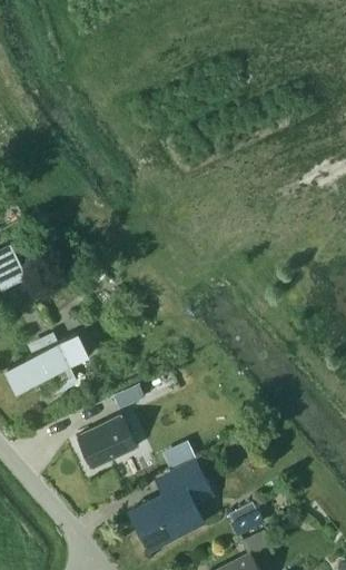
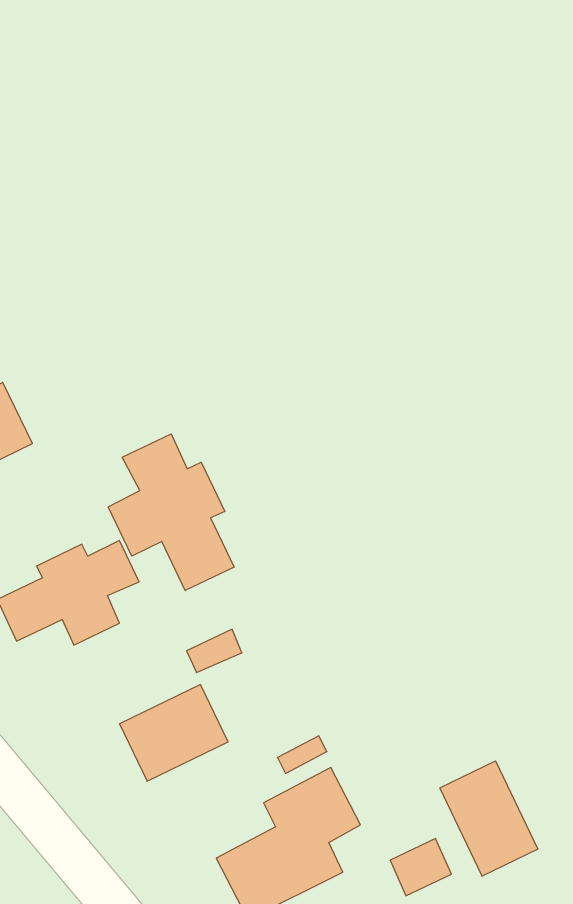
building: none -> [108,434,234,591]
building: none -> [440,761,538,876]

